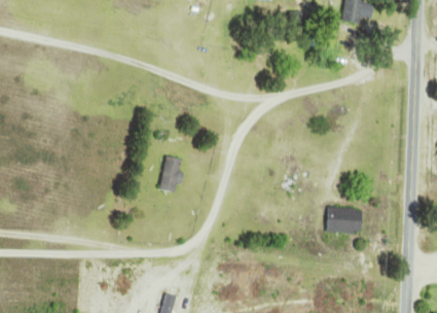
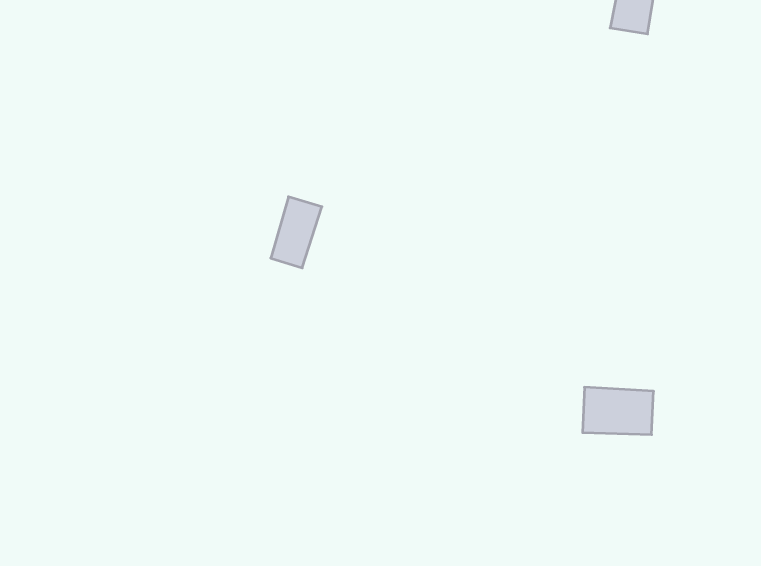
building: [157,155,184,193] -> [271,197,322,268]

